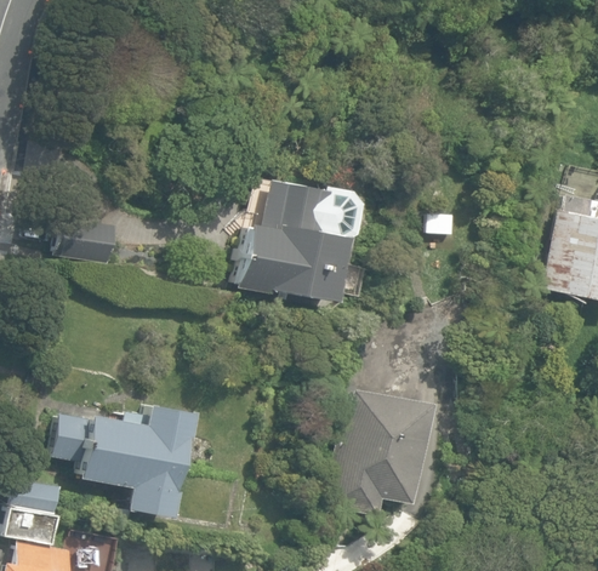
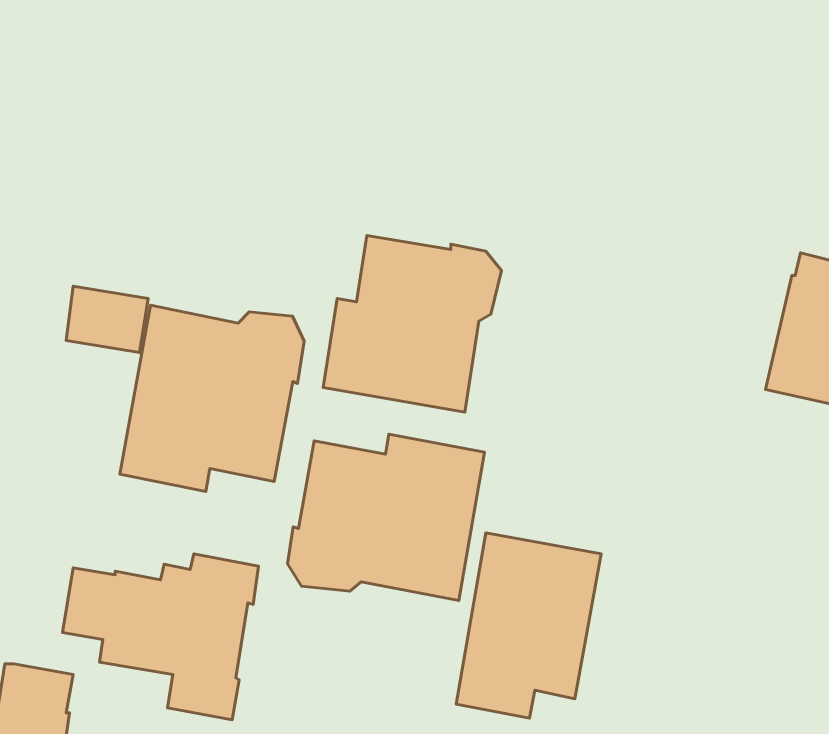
building: none -> [120,305,304,492]
building: none -> [288,434,484,600]

